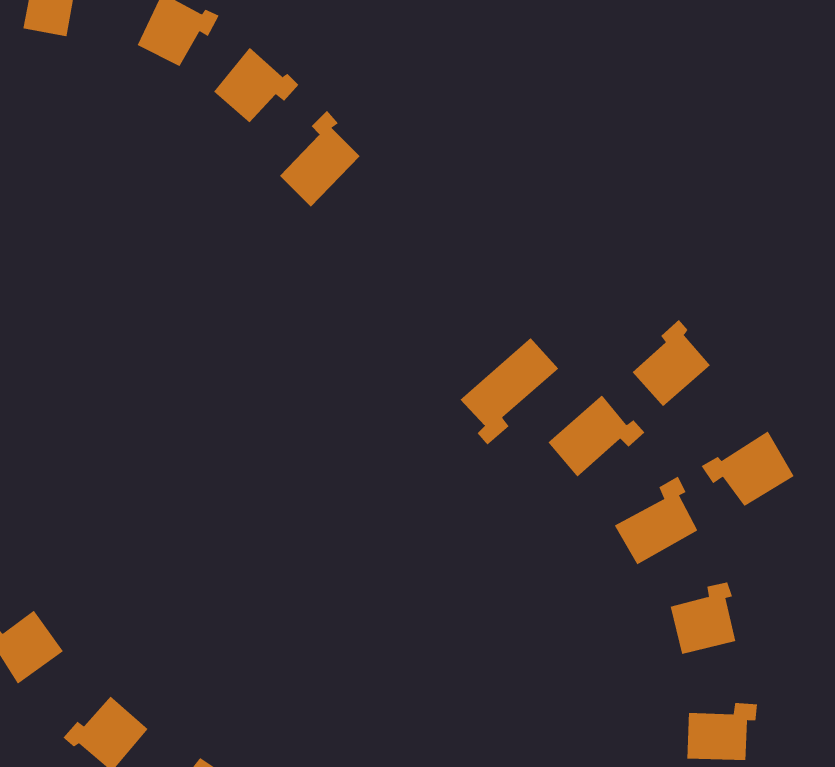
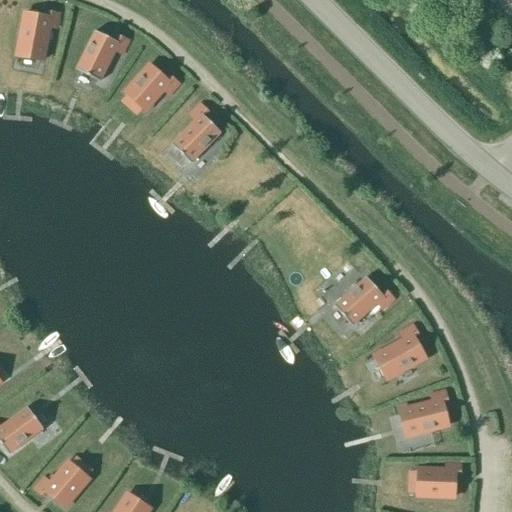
building: [632,319,711,407] -> none
building: [460,337,559,446] -> none
building: [701,431,795,507] -> none

